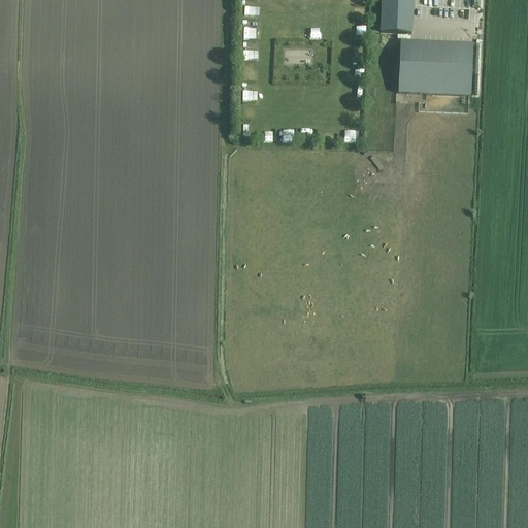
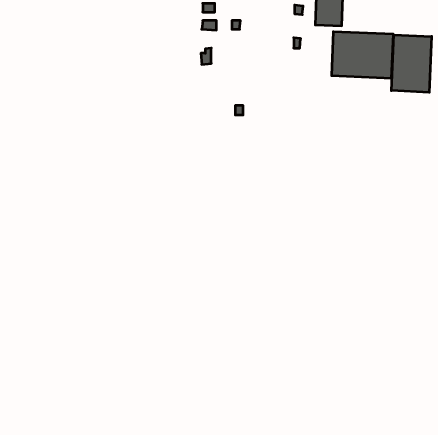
building: none -> [391,35,432,92]

